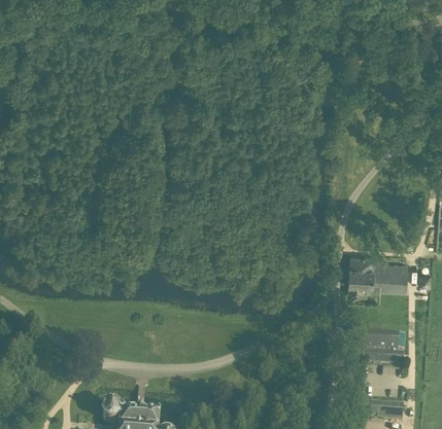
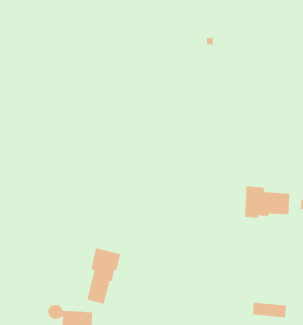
building: [364,328,406,361] -> none
building: none -> [87,247,121,305]

